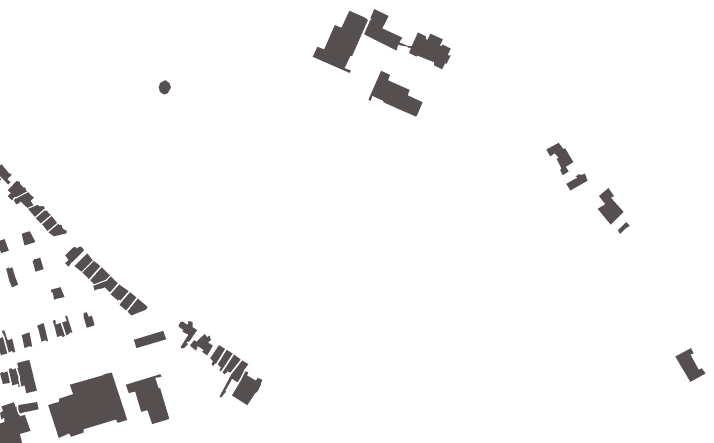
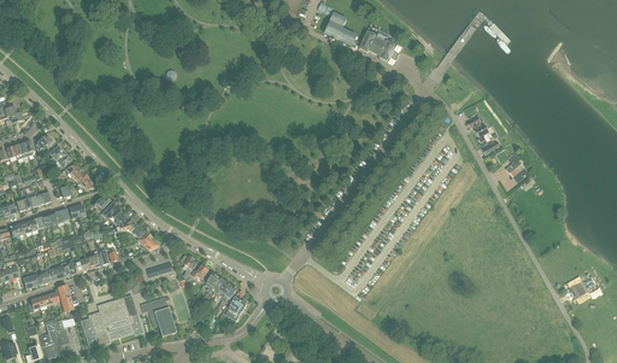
building: [312,10,369,74] -> none
building: [367,70,424,118] -> none

